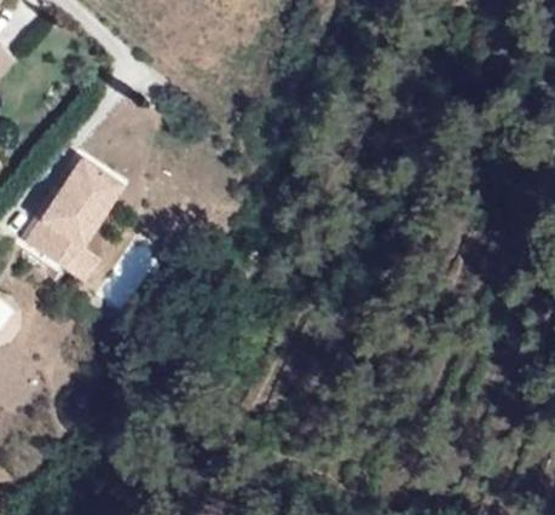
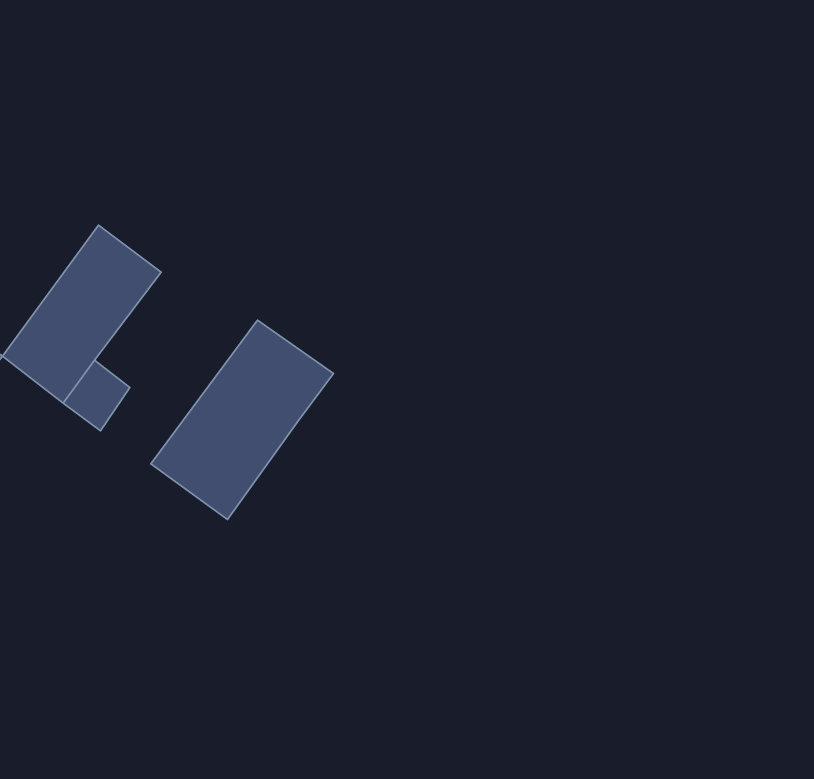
building: none -> [151,320,334,519]

